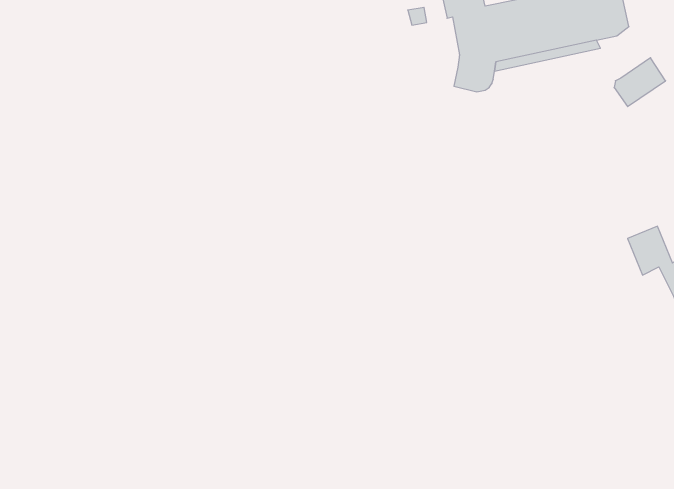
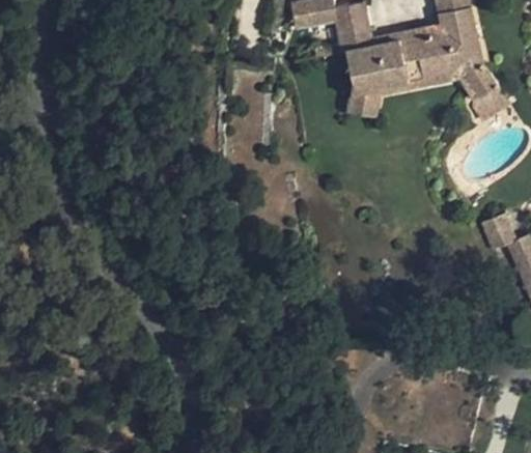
building: none -> [457,59,499,98]

